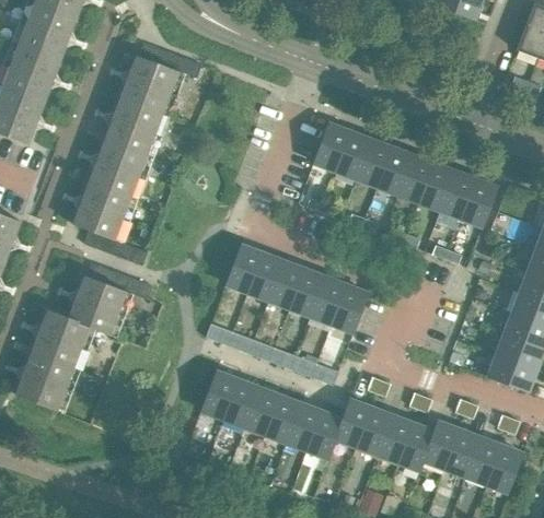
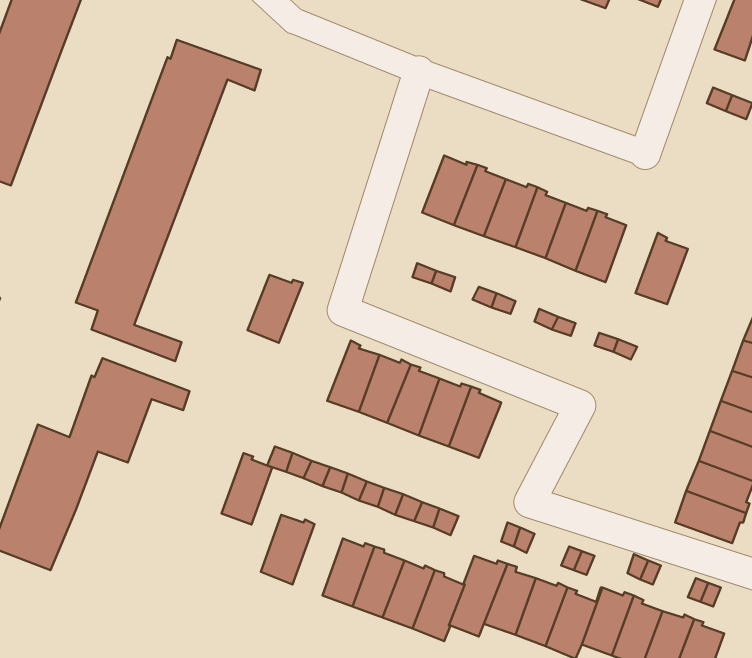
building: [439,172,475,219] -> none
building: [224,246,263,293] -> [247,275,303,343]
building: [222,378,257,427] -> [221,453,272,525]

